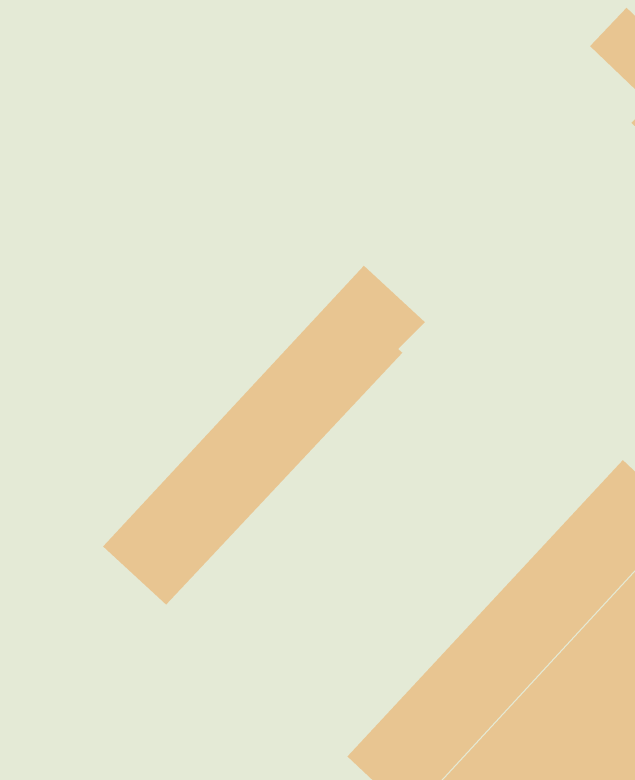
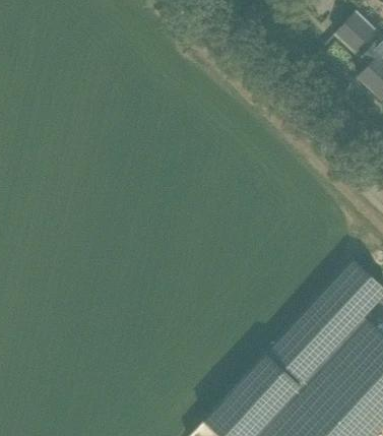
building: [102,265,426,605] -> none

